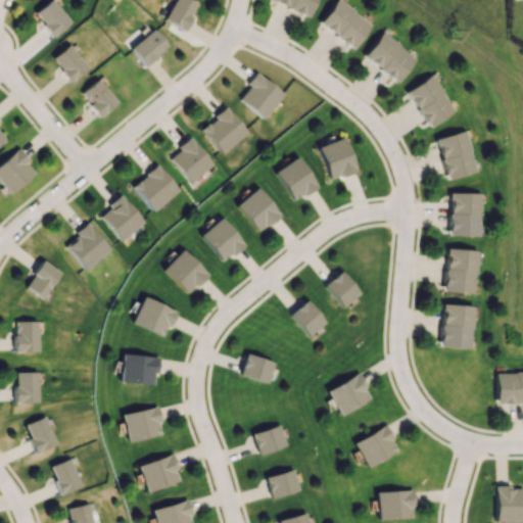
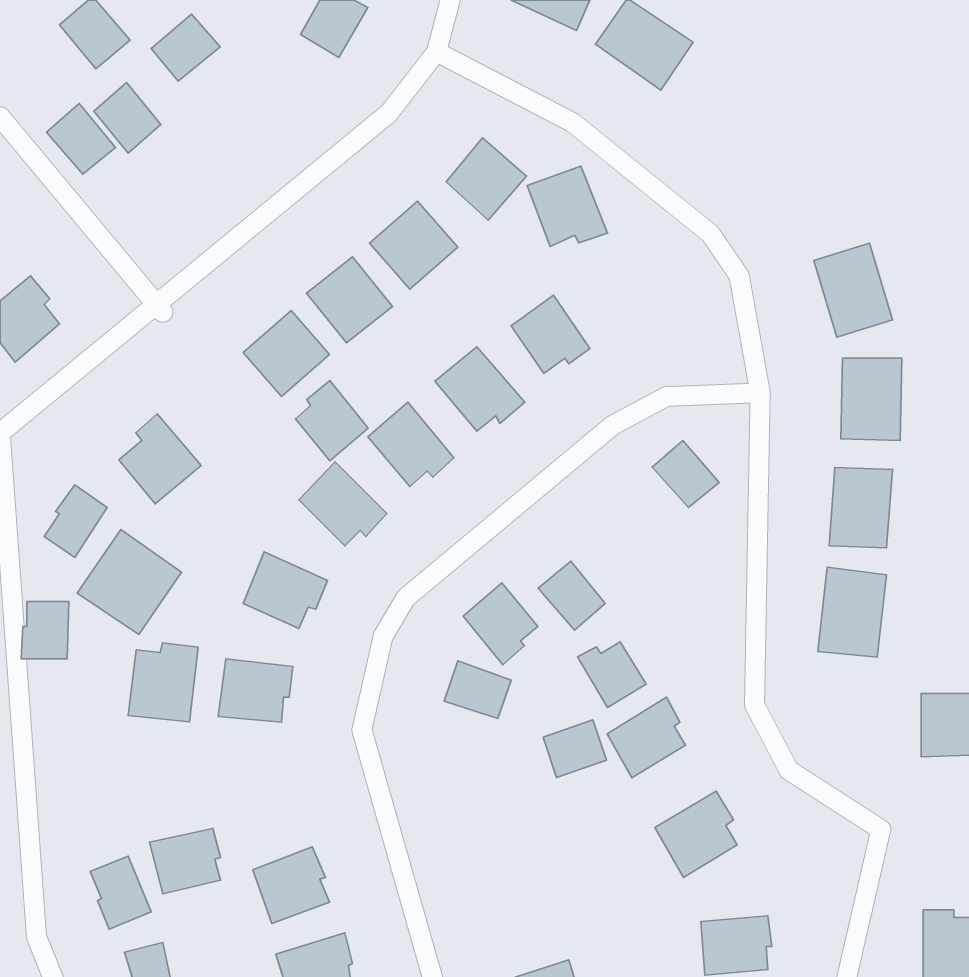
building: [134,30,171,65] -> [151,14,220,81]
building: [367,32,425,86] -> none
building: [411,75,461,128] -> none
building: [83,80,120,117] -> [46,103,115,174]
building: [319,139,362,182] -> [527,166,608,247]
building: [105,196,144,239] -> [295,380,368,461]
building: [327,272,363,307] -> [652,440,719,507]
building: none -> [77,530,181,635]
building: none -> [463,583,538,665]
building: none -> [578,642,646,707]
building: none -> [128,643,198,722]
building: [17,372,41,403] -> none
building: [125,407,162,441] -> [150,829,220,894]
building: [28,416,60,454] -> none
building: [255,424,289,455] -> [543,720,606,777]
building: [269,470,302,498] -> none

